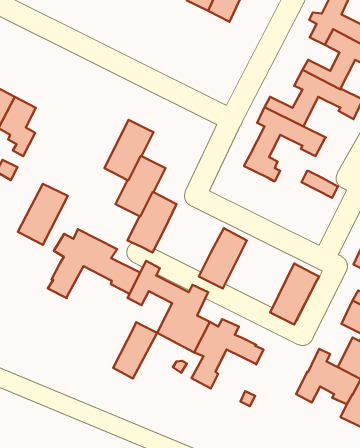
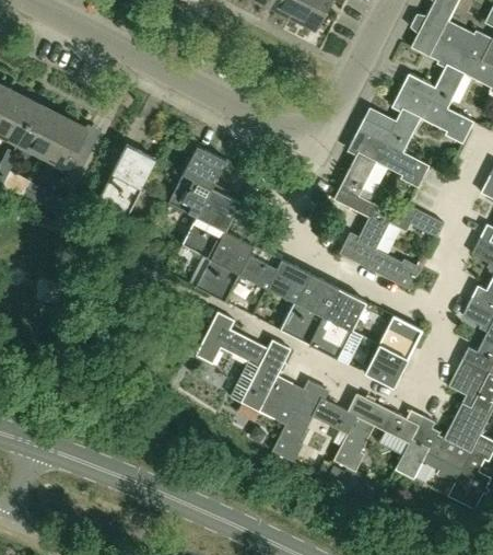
building: none -> [339,205,422,289]
building: [18,184,68,245] -> [97,144,156,217]
building: none -> [239,244,309,301]
building: [48,229,140,298] -> none
building: none -> [308,287,366,358]
building: [113,322,157,378] -> none
building: none -> [333,393,422,471]

